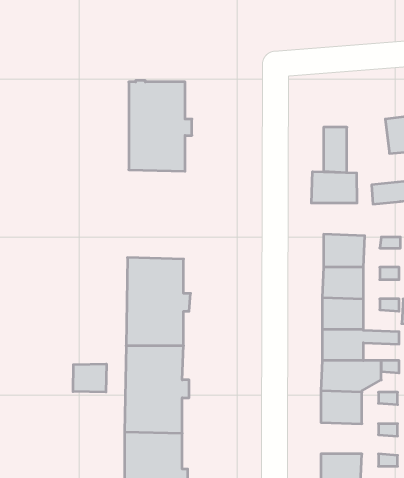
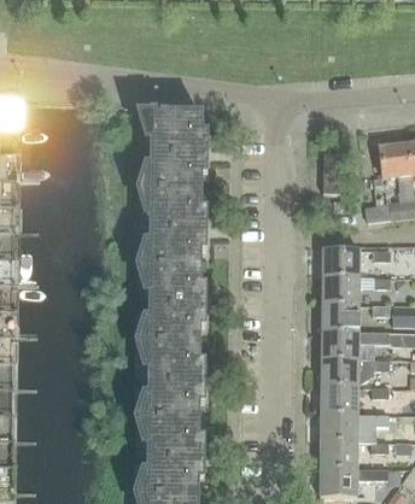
building: none -> [150,191,205,269]
building: [311,172,357,203] -> none
building: [73,364,106,392] -> none
building: none -> [320,412,356,440]

